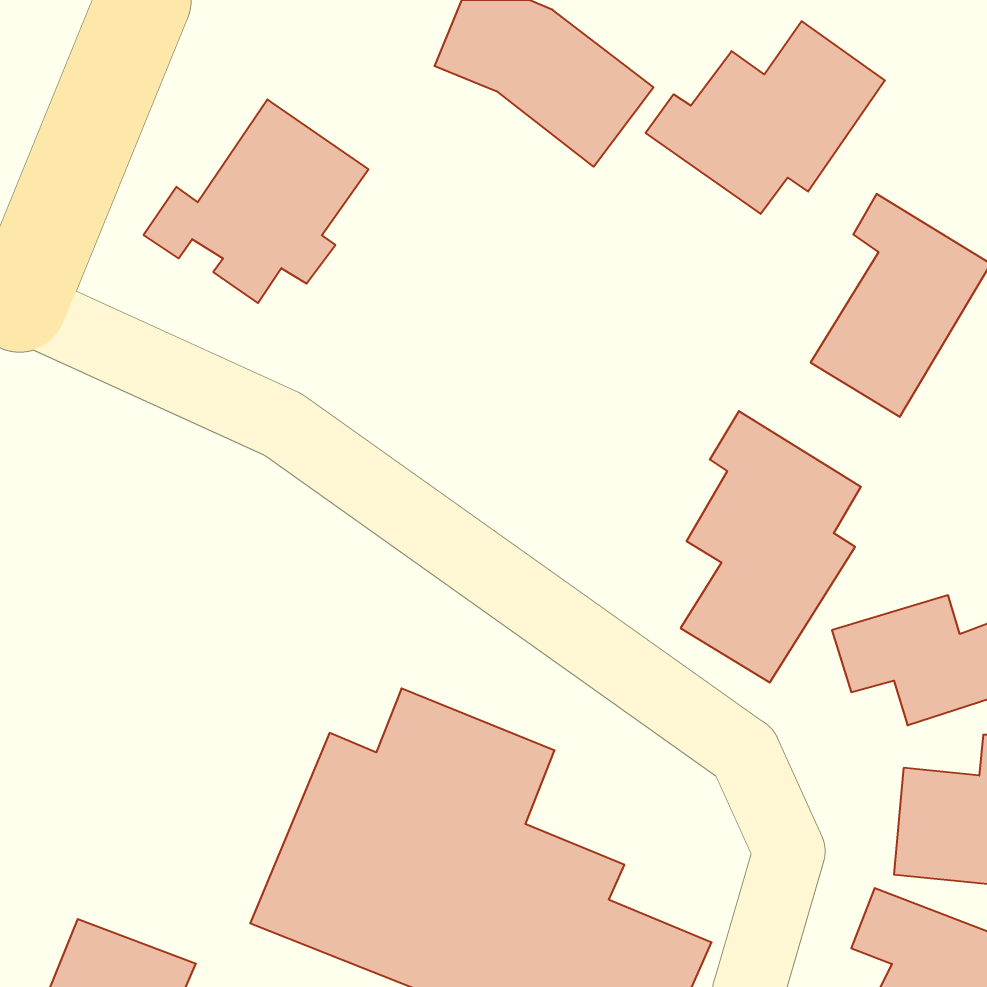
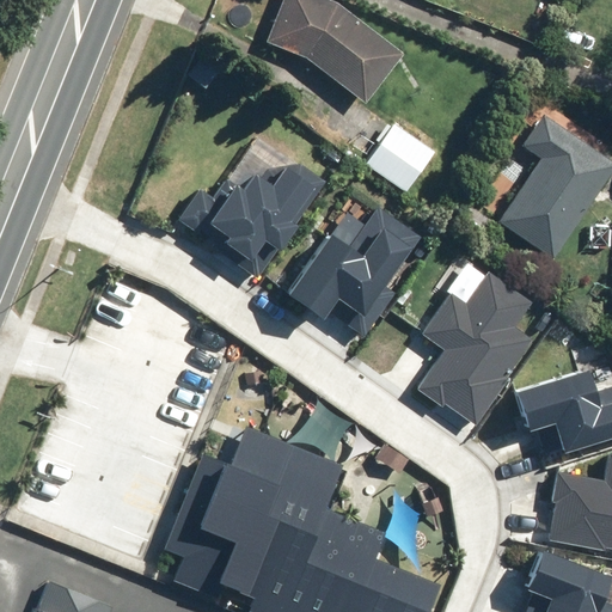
building: [646,21,885,214] -> none
building: [144,99,368,303] -> [180,136,319,262]
building: none -> [366,122,436,192]
building: none -> [289,198,417,317]

